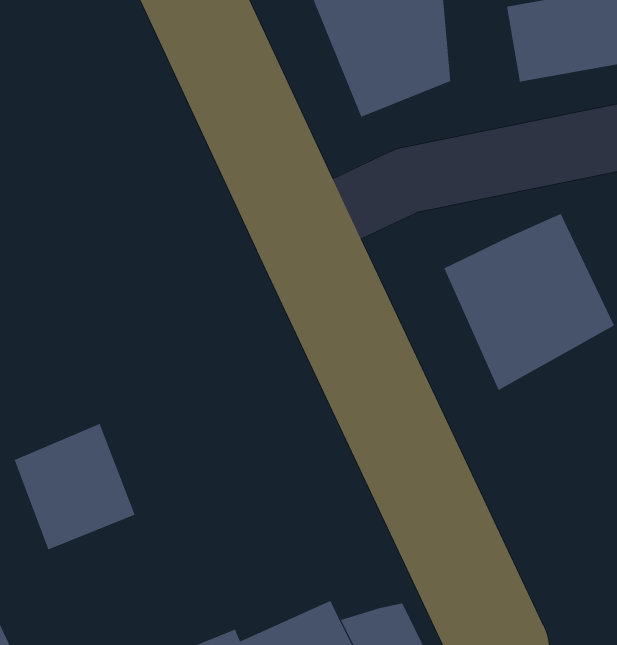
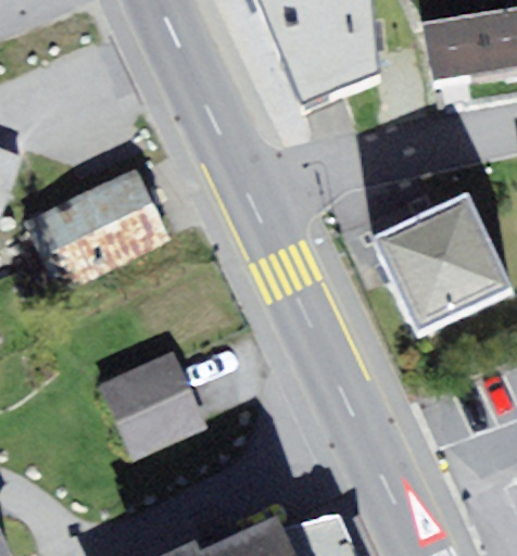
building: none -> [25,169,171,295]
building: [14,423,136,550] -> [103,352,204,457]

